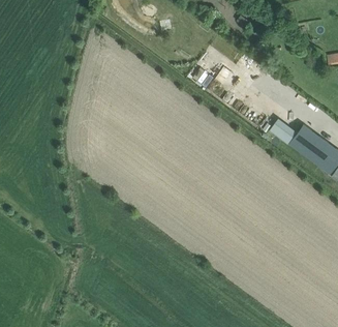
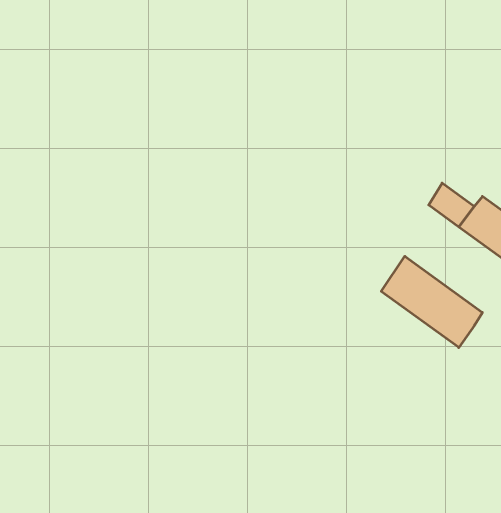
building: none -> [381,256,482,348]

